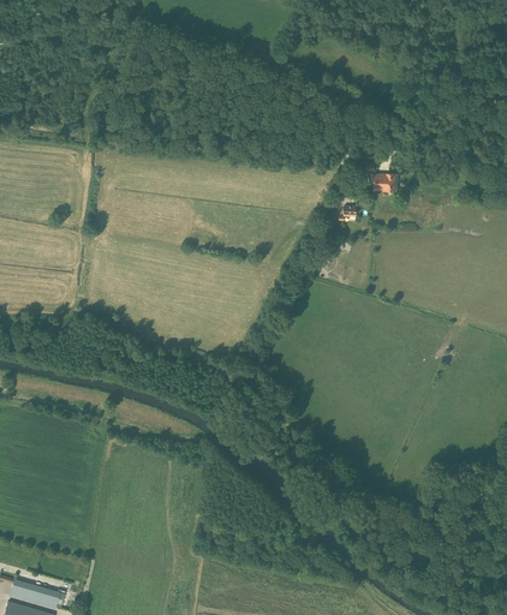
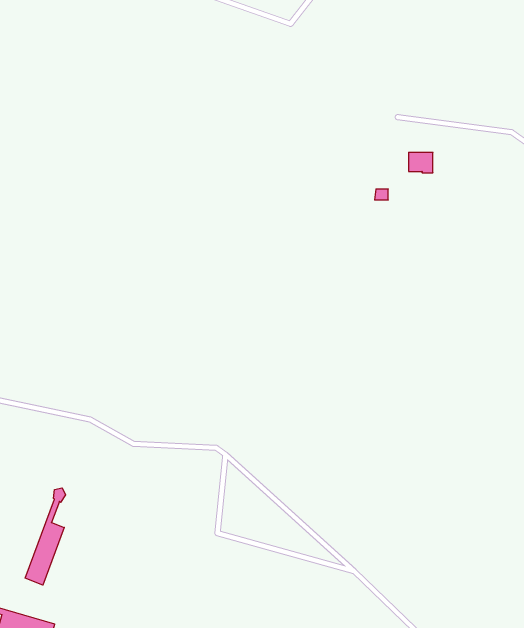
building: none -> [25,488,66,585]

